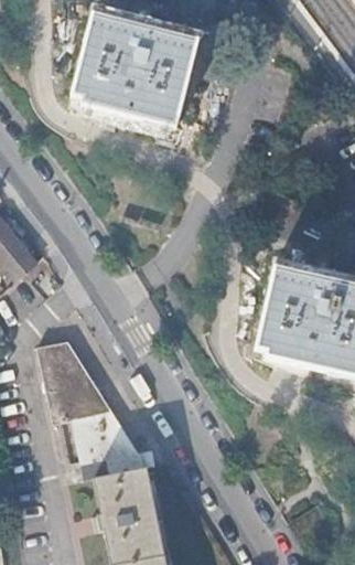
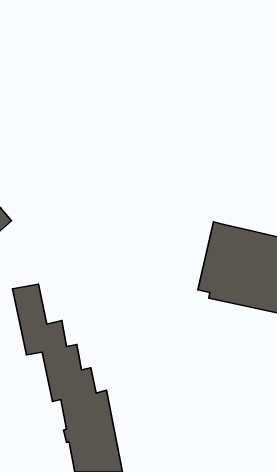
building: [74,13,196,127] -> none

